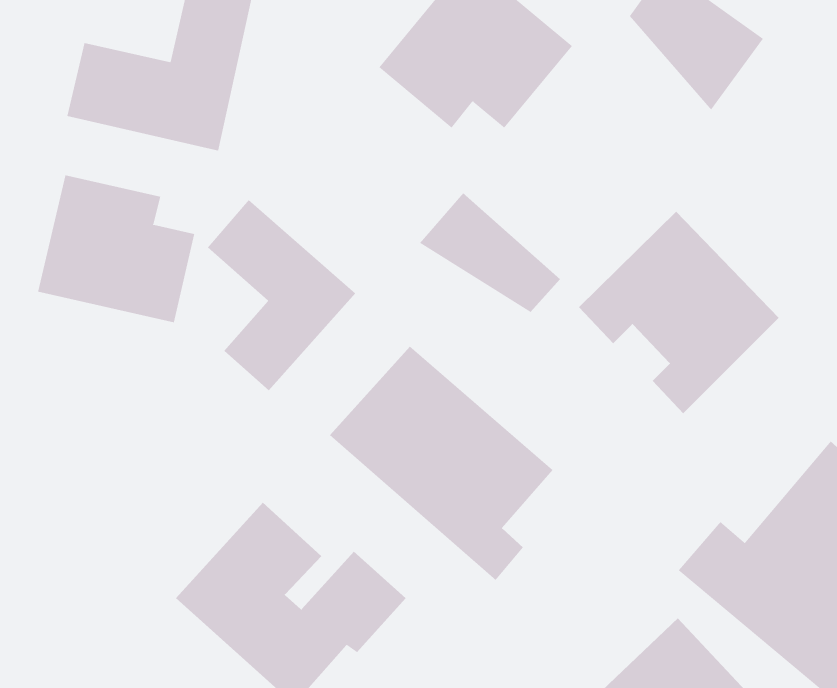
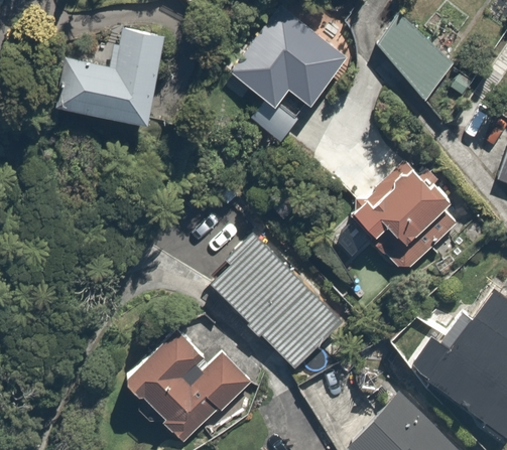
building: [38,174,195,323] -> none
building: [419,193,561,313] -> none
building: [207,199,356,391] -> none

